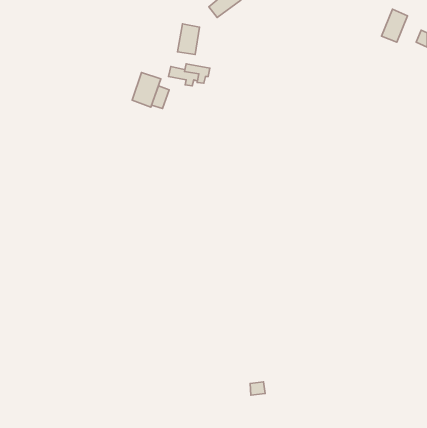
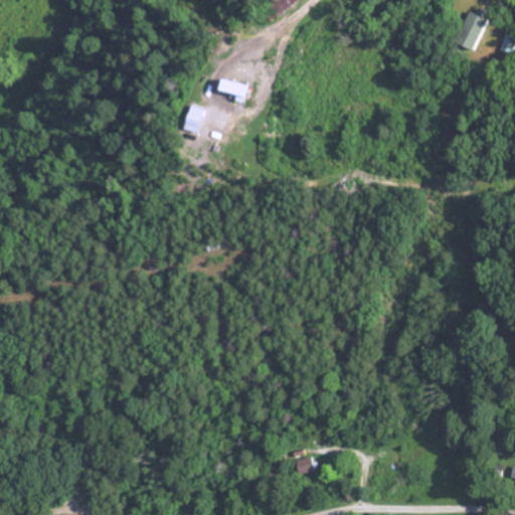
building: [177,24,200,55] -> none
building: [132,73,161,107] -> none

